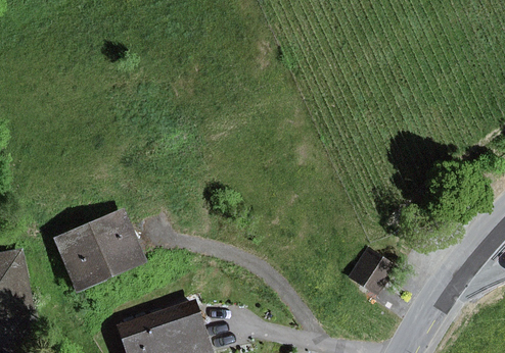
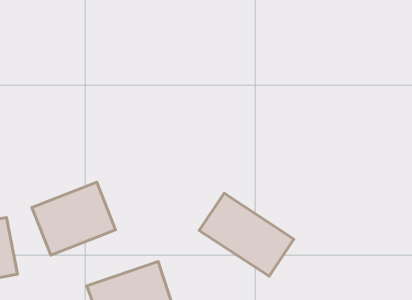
building: none -> [199,193,294,276]
building: [348,248,397,298] -> none

